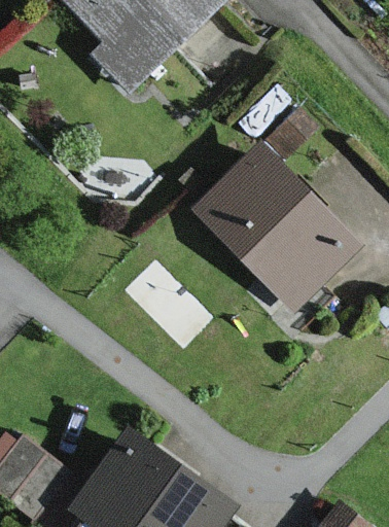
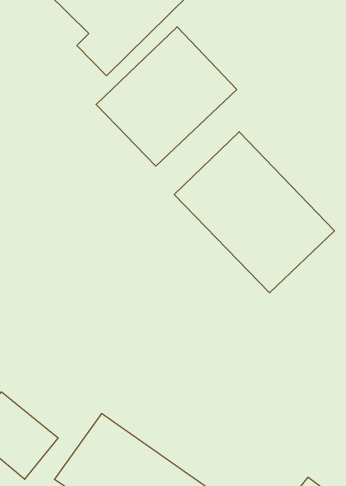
building: none -> [96,27,237,166]

